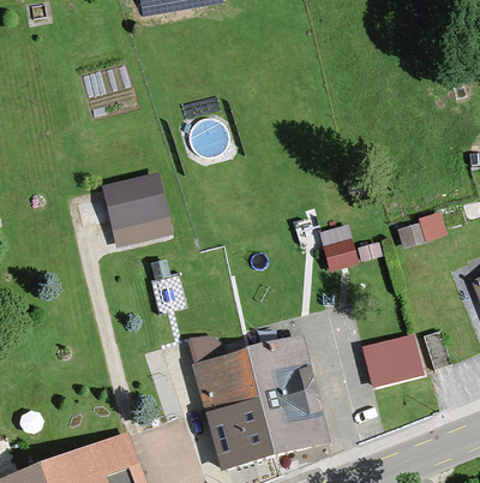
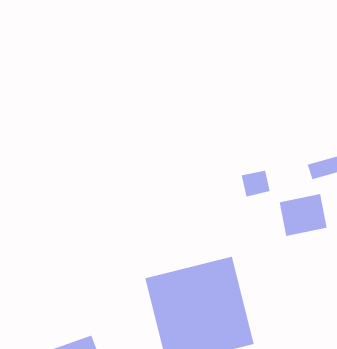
building: [101,172,163,233] -> none
building: [366,326,427,380] -> [279,193,327,236]

